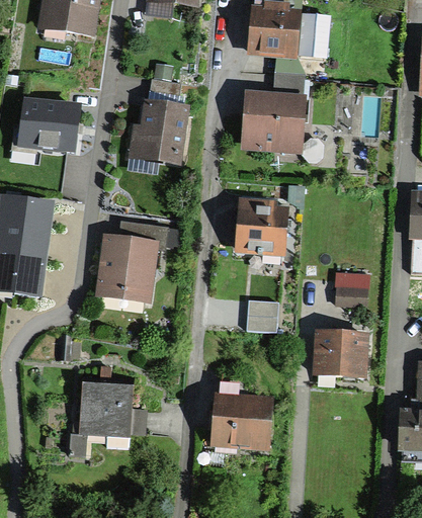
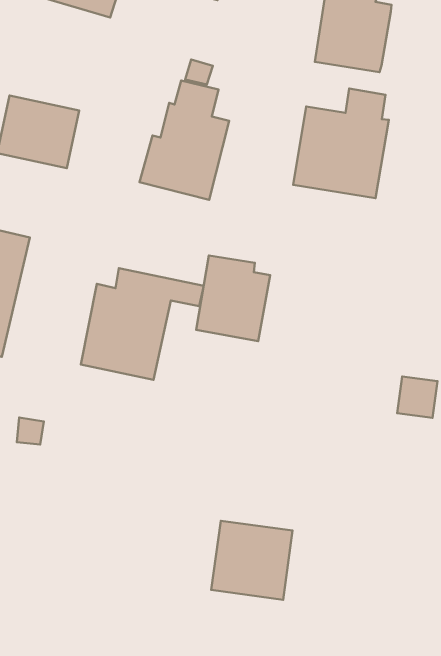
building: [298,12,328,54] -> none
building: [236,194,286,254] -> [196,255,270,341]
building: [247,297,278,331] -> none
building: [315,337,360,377] -> none
building: [68,384,142,454] -> none

